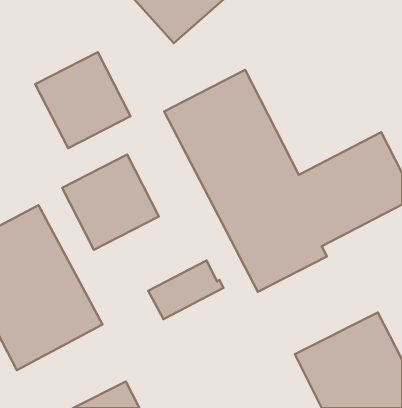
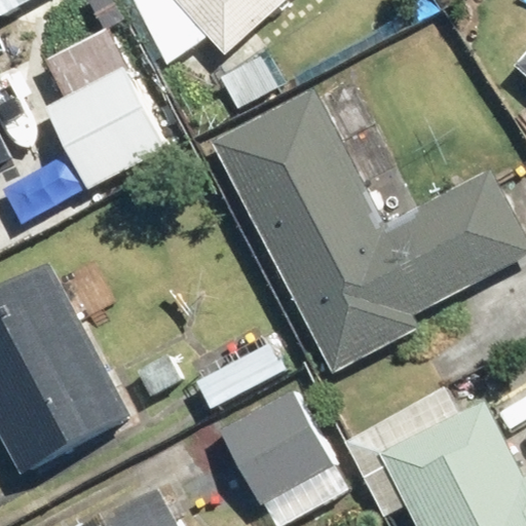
building: [62,155,159,250] -> none
building: none -> [220,391,333,505]

